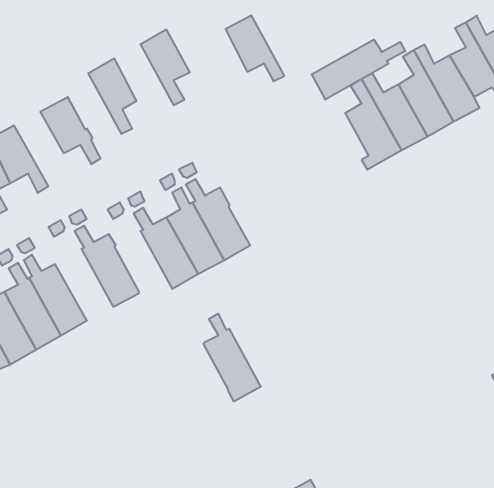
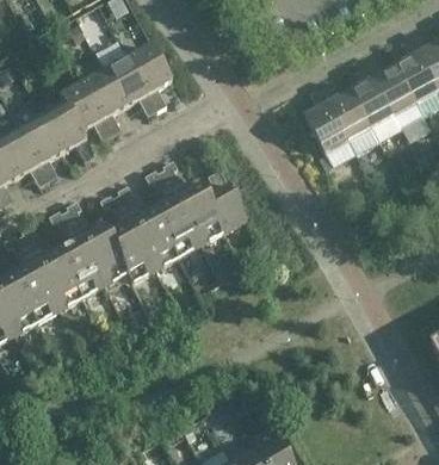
building: [225,15,284,81] -> [105,56,156,113]
building: [312,40,405,100] -> none
building: none -> [58,81,111,138]
building: none -> [18,114,61,179]
building: none -> [204,168,246,230]
building: none -> [54,221,104,296]
building: [203,314,261,401] -> [105,205,155,281]

